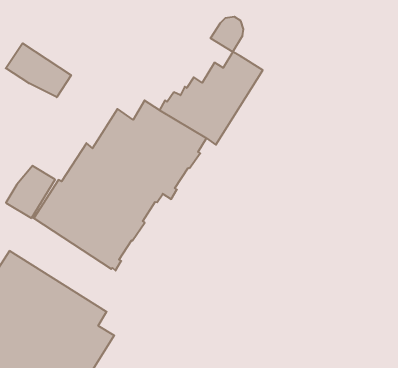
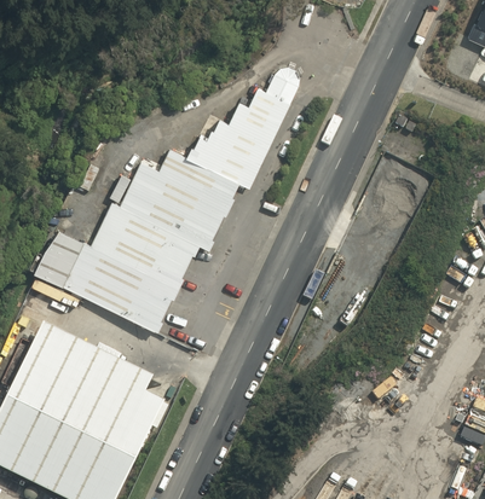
building: [210,17,243,52] -> [266,64,300,101]
building: [6,43,71,97] -> none

